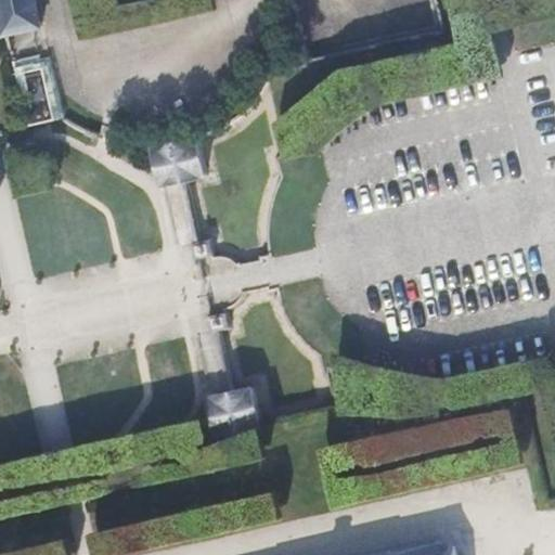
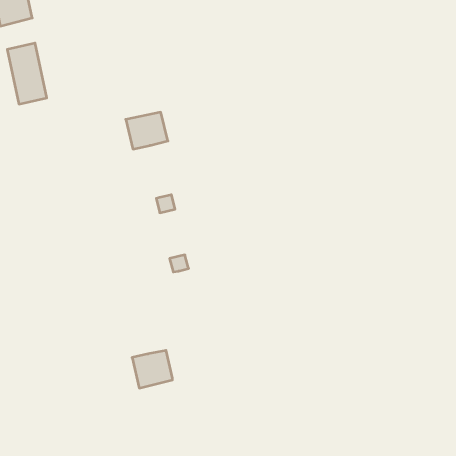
building: [209,385,258,430] -> [132,350,172,388]

